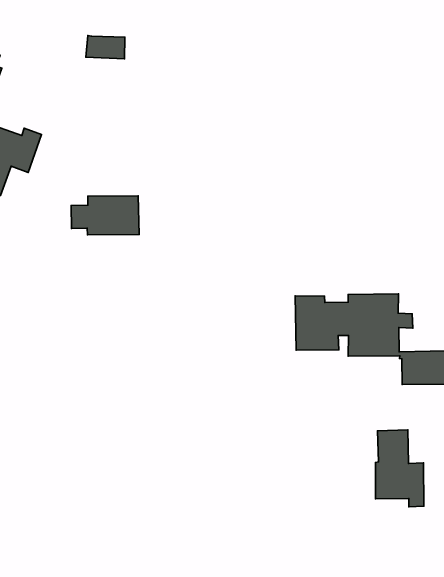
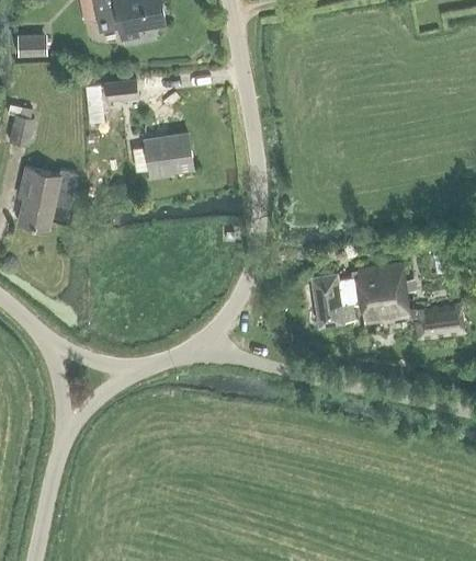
building: [71,196,139,235] -> [131,134,192,173]
building: [375,430,424,507] -> none

